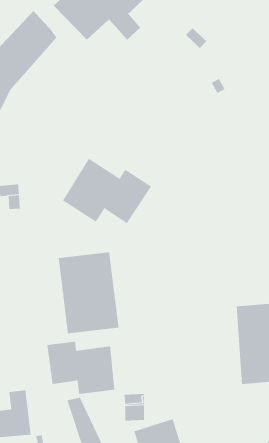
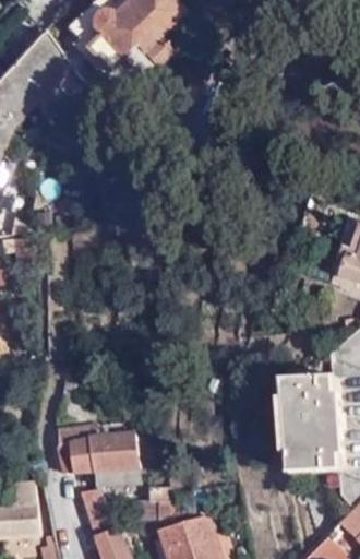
building: [62,158,152,224] -> none
building: [58,251,119,334] -> none

